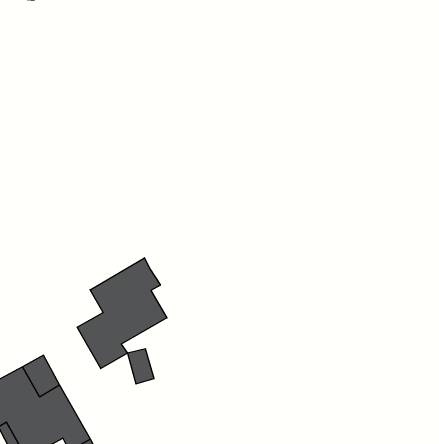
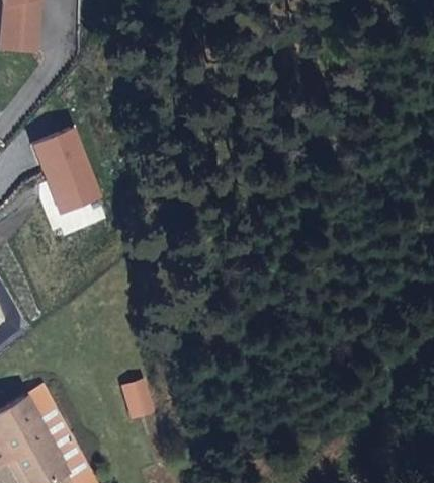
building: none -> [30,129,101,214]
building: [77,258,167,369] -> none

